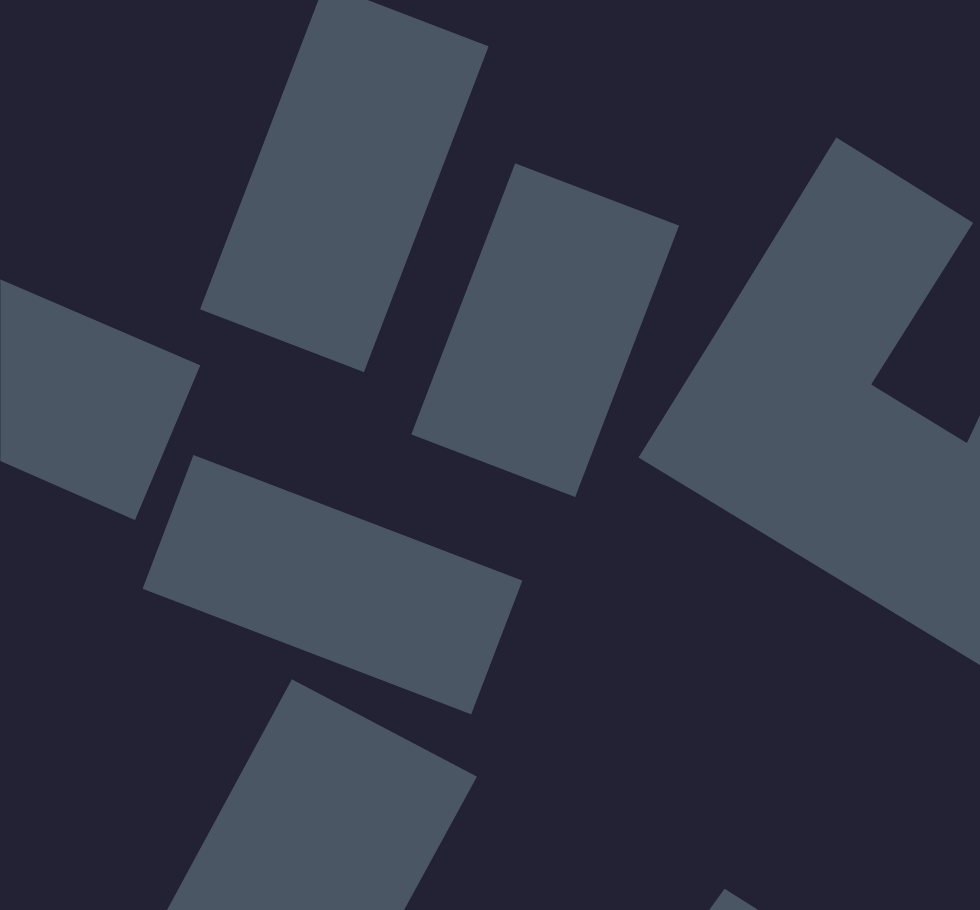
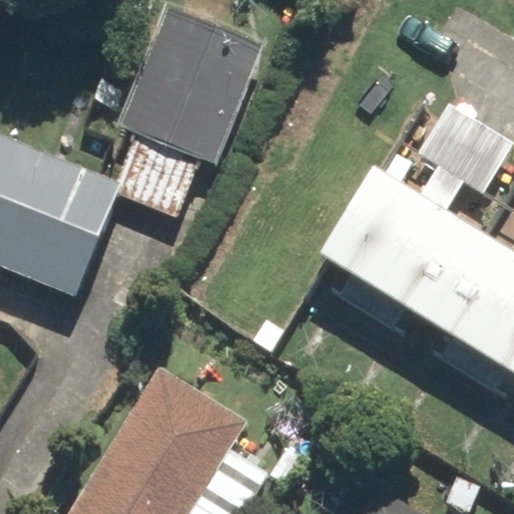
building: [411,162,680,498] -> none
building: [142,454,523,715] -> none

